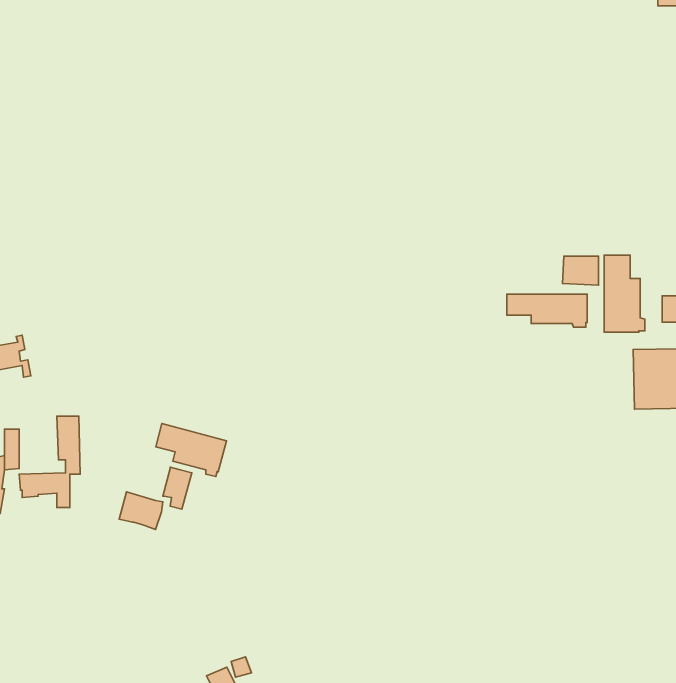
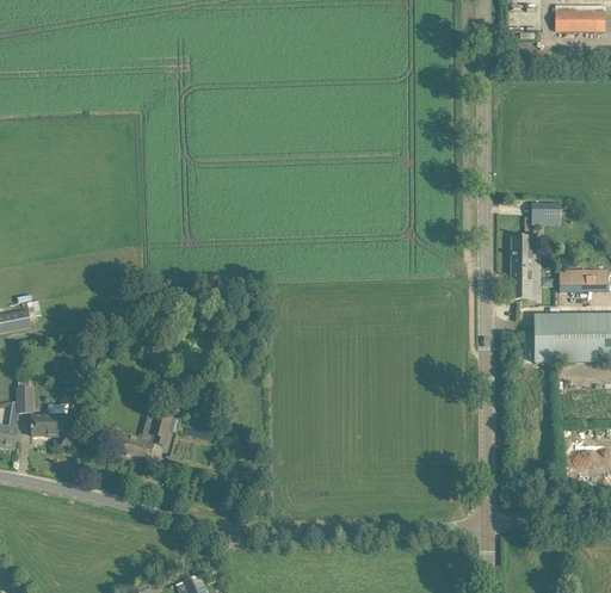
building: [562,256,599,285] -> [530,200,560,224]
building: [507,294,587,327] -> none
building: [156,424,227,477] -> none

